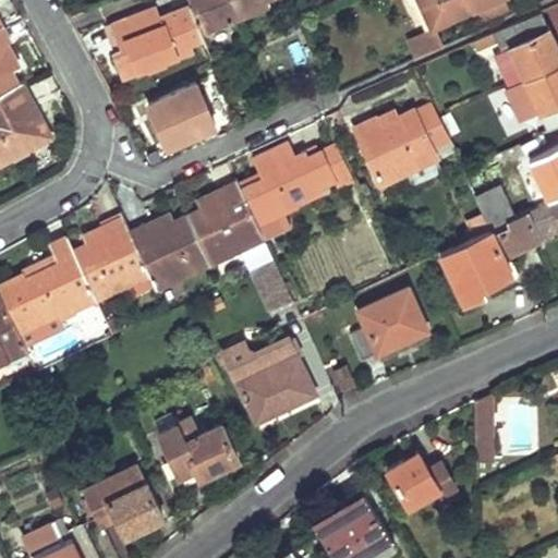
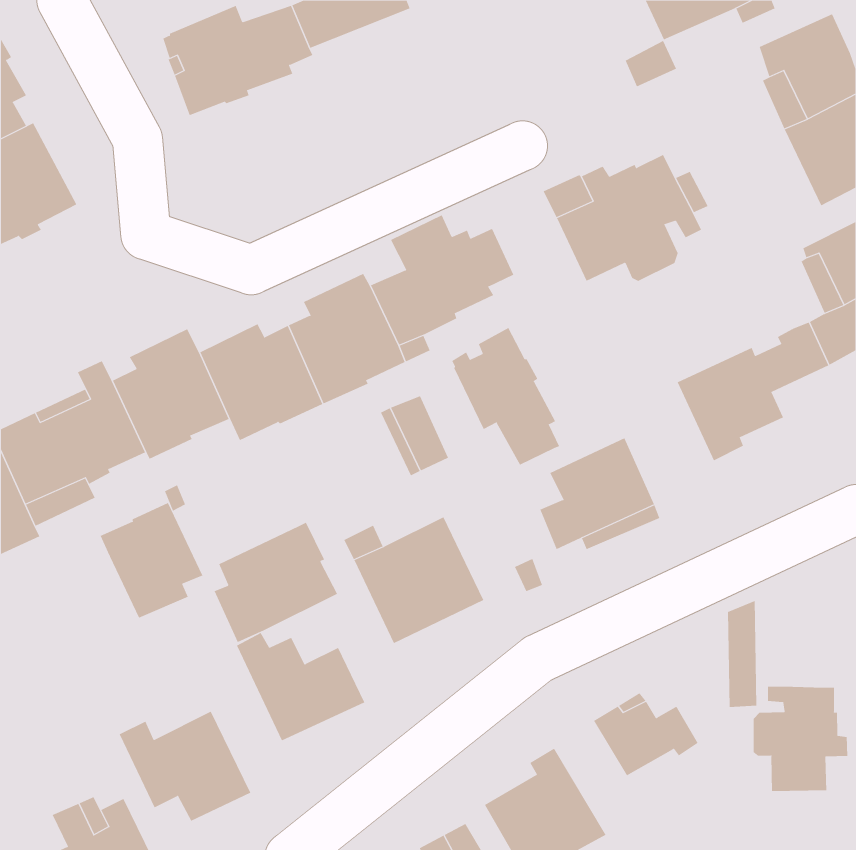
building: [147,84,215,149] -> none
building: [474,186,515,230] -> none
building: none -> [452,327,560,465]
building: none -> [100,502,203,619]
building: none -> [214,522,338,643]
building: none -> [753,686,848,792]

